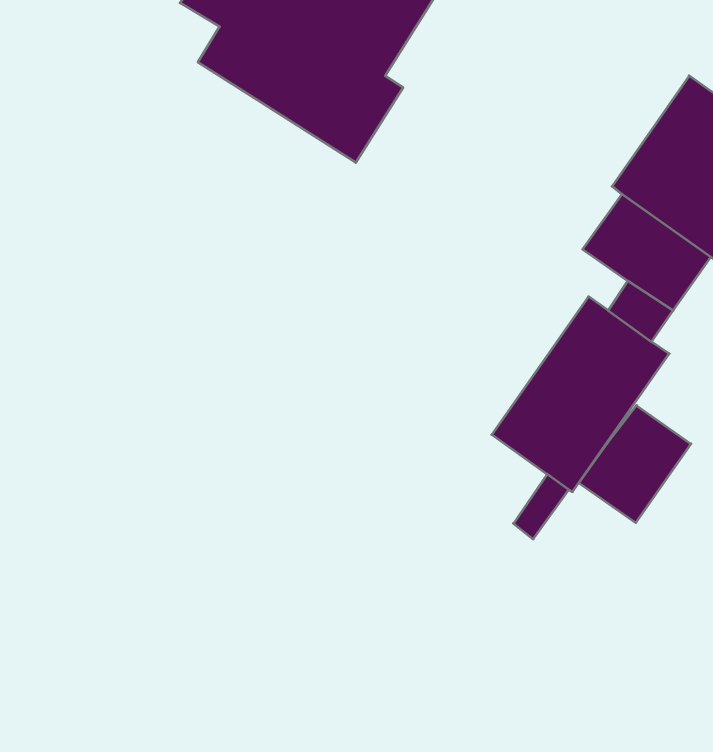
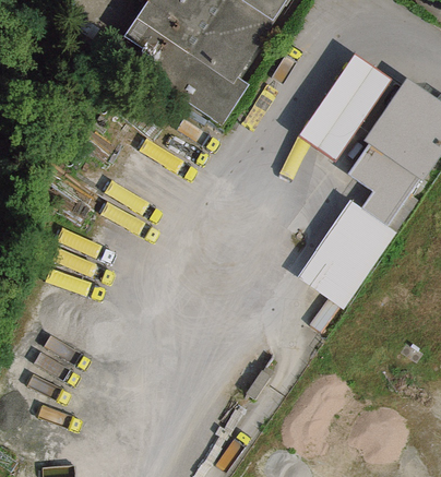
building: none -> [299,53,392,159]
building: [579,405,691,523] -> none

